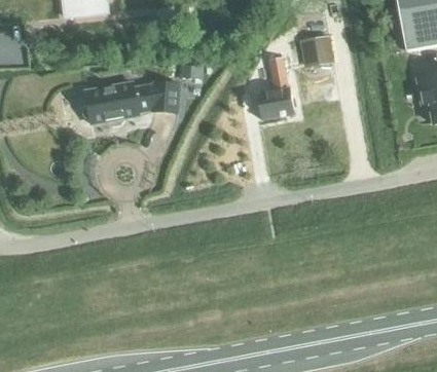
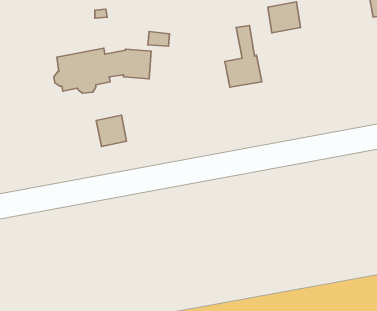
building: none -> [96,115,127,147]

